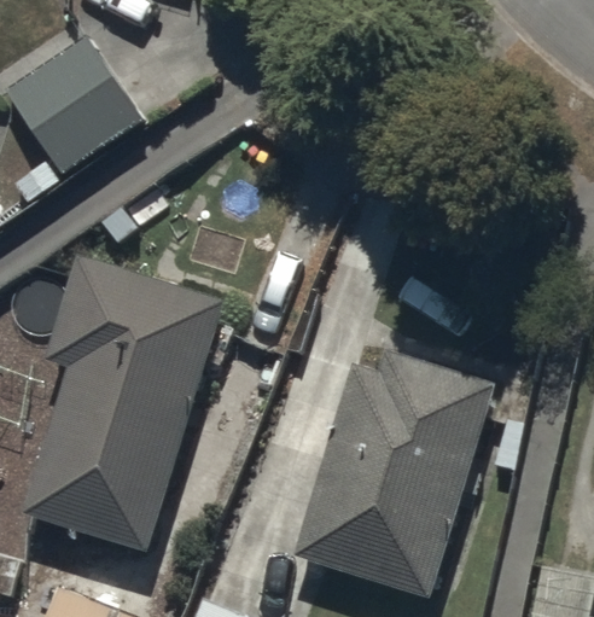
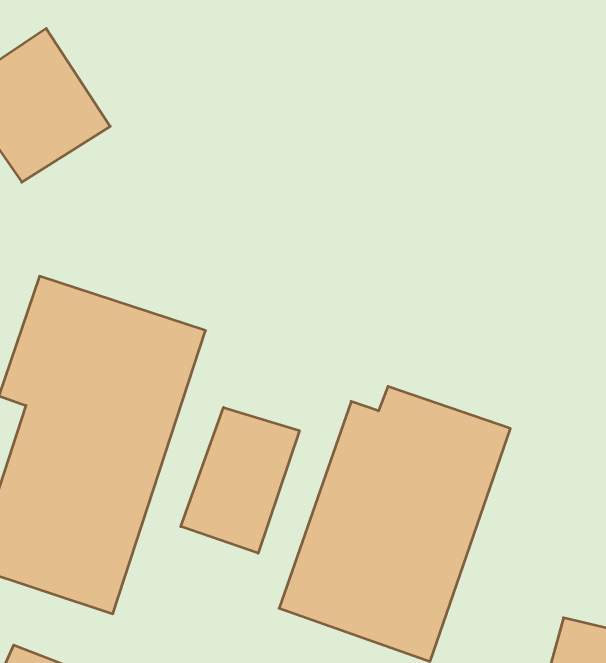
building: none -> [181,407,299,553]

